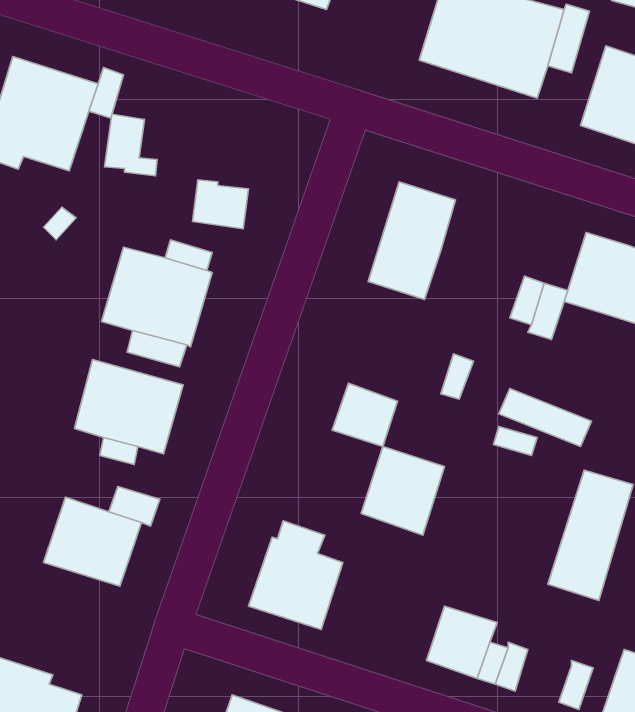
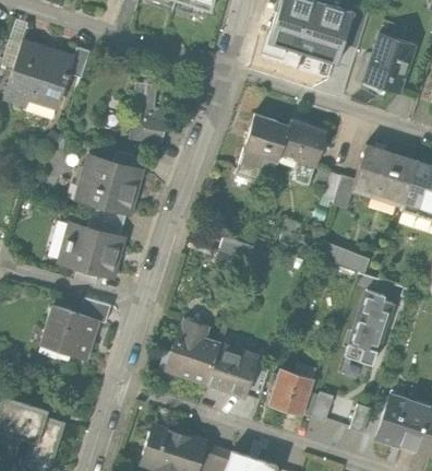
building: [105,114,157,176] -> [133,82,165,119]
building: none -> [279,119,326,167]
building: [361,446,445,535] -> [207,344,257,398]

